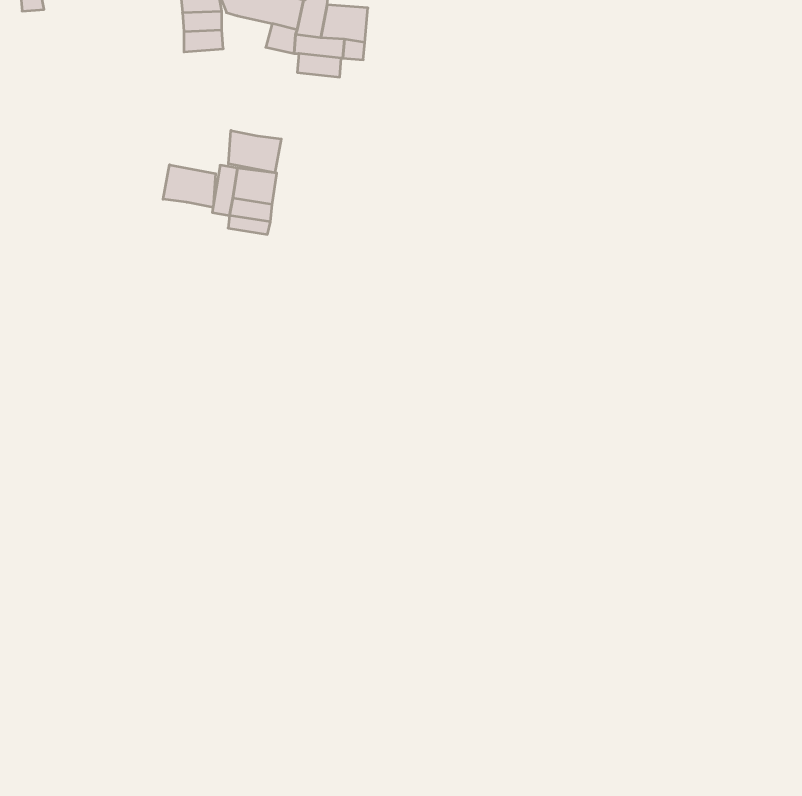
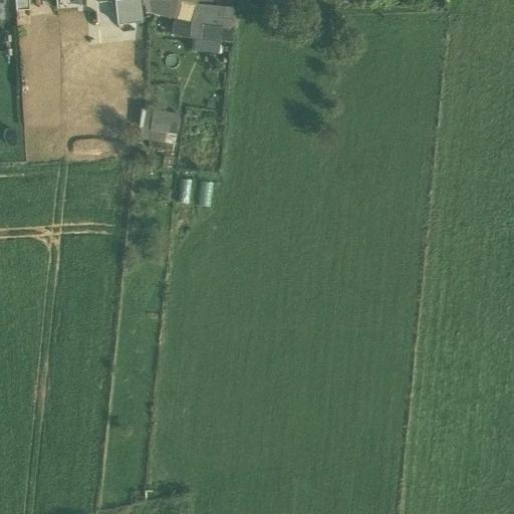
building: [228,130,281,173] -> none
building: [163,165,216,208] -> none

